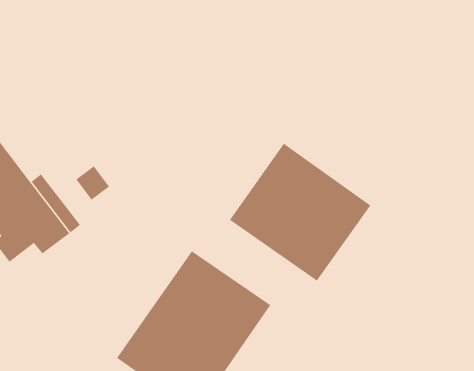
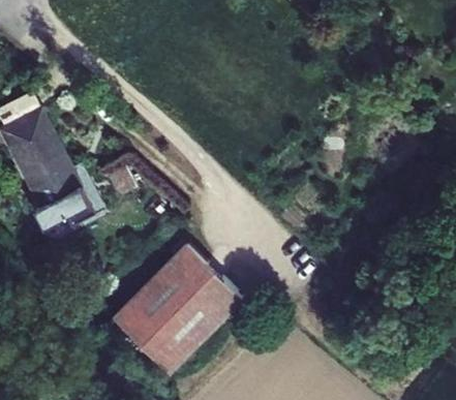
building: [229,143,371,281] -> none

